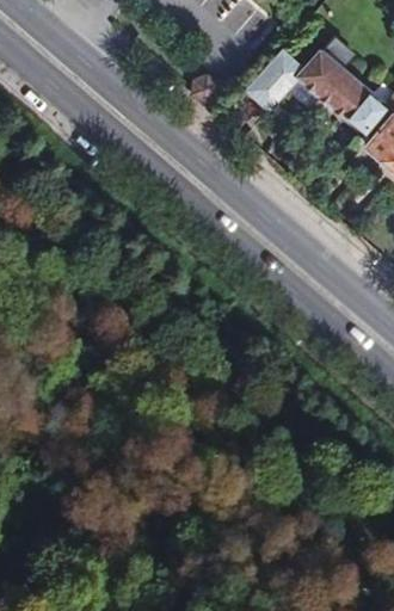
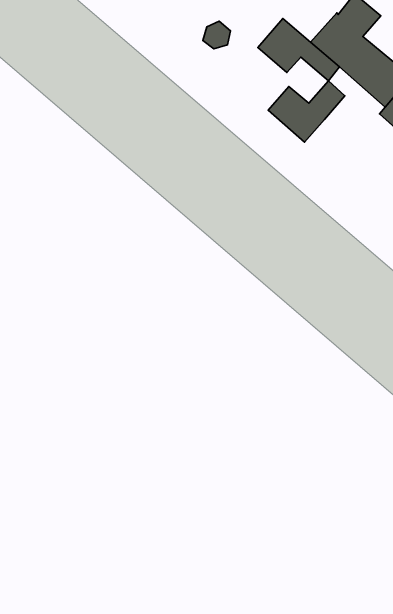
building: none -> [268,81,345,142]

